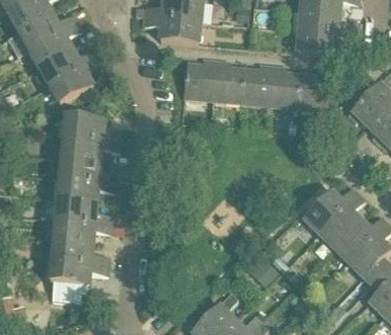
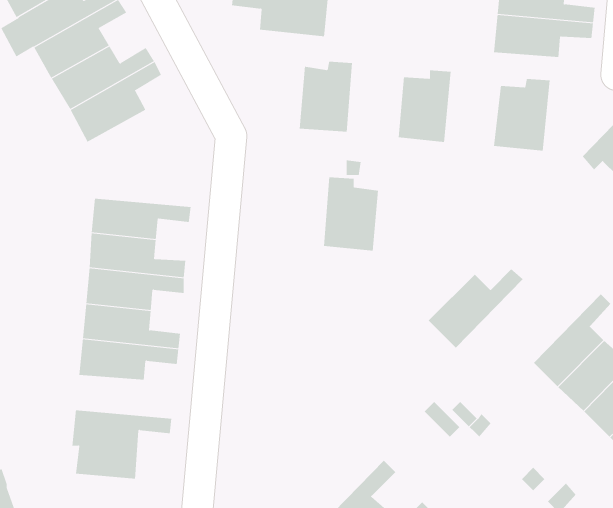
building: [211,59,243,102] -> [323,177,379,251]
building: [267,64,300,107] -> none
building: [63,115,121,143] -> none
building: [303,187,359,234] -> [428,269,523,348]
building: [52,241,109,266] -> none

